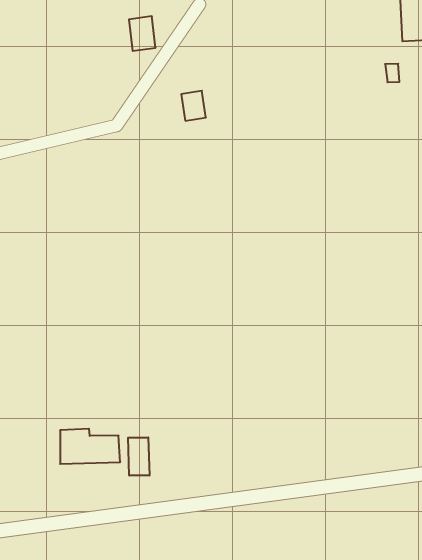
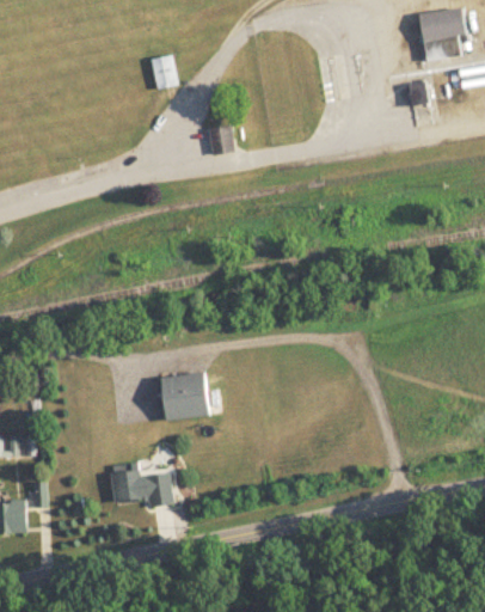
building: none -> [158,371,208,421]
building: [128,437,149,476] -> none

